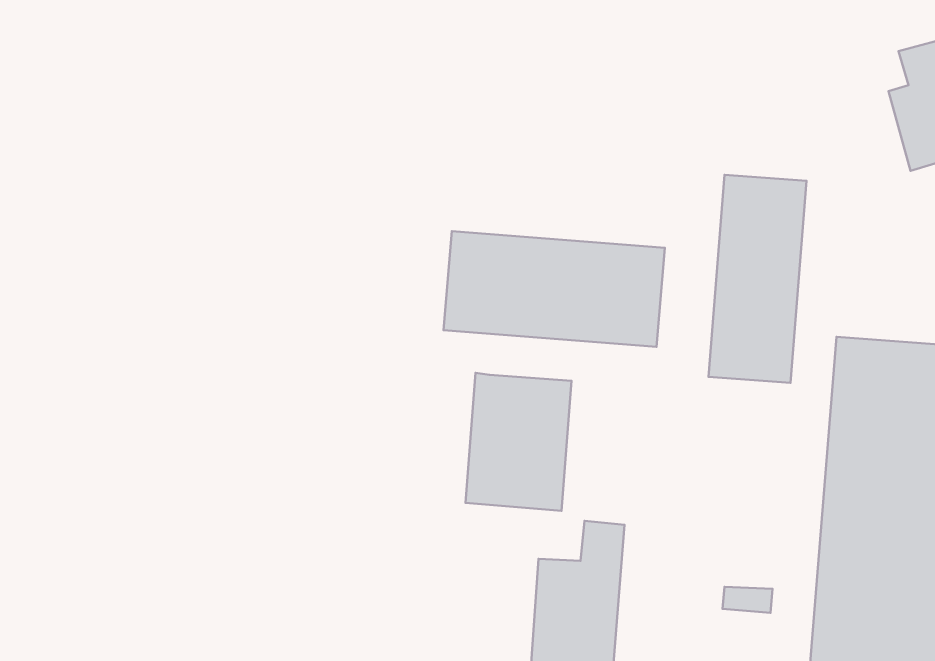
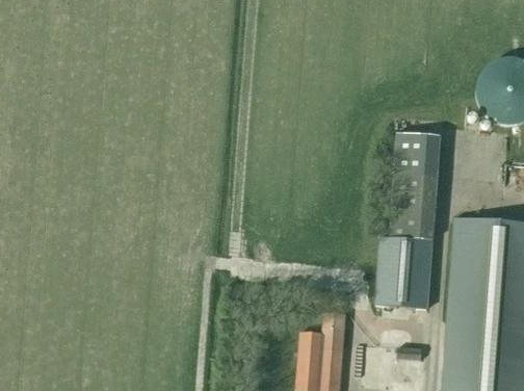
building: [444,231,665,347] -> none
building: [466,373,572,511] -> [376,235,431,307]

